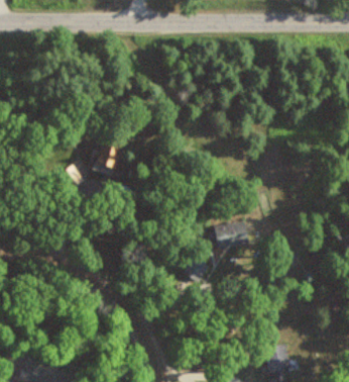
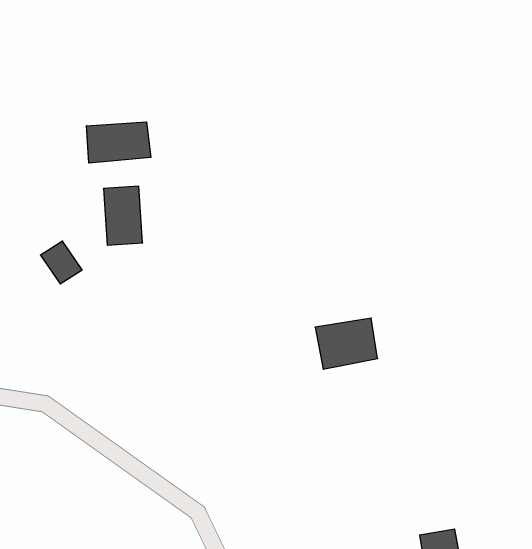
building: none -> [86,122,151,163]

